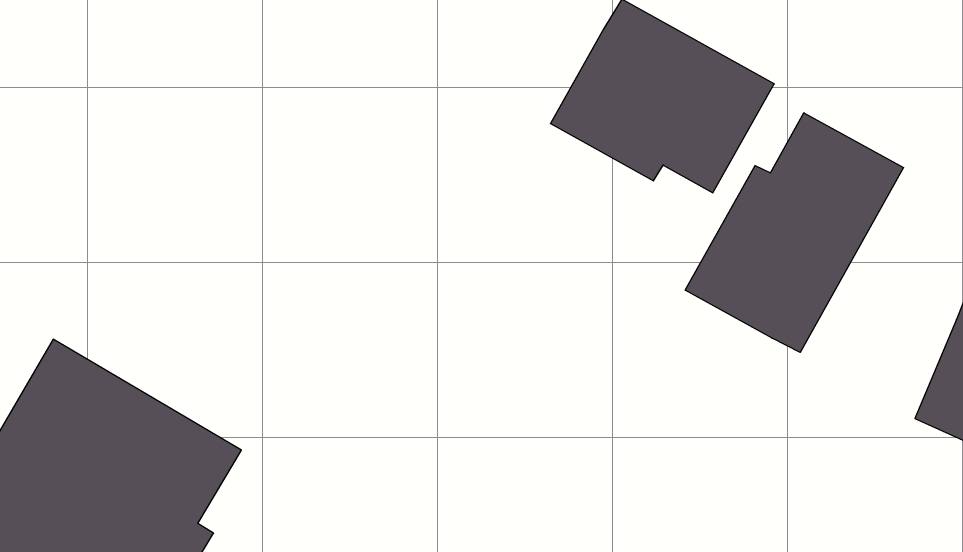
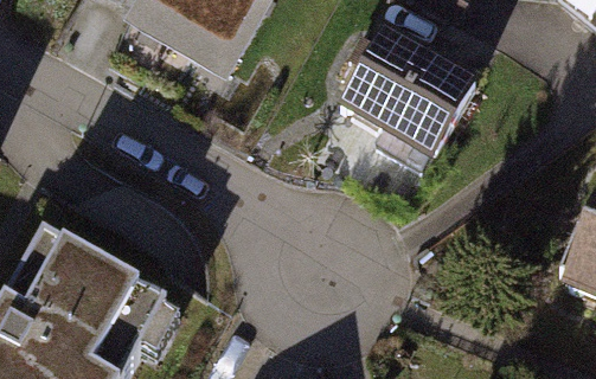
building: [685,113,904,352] -> none

